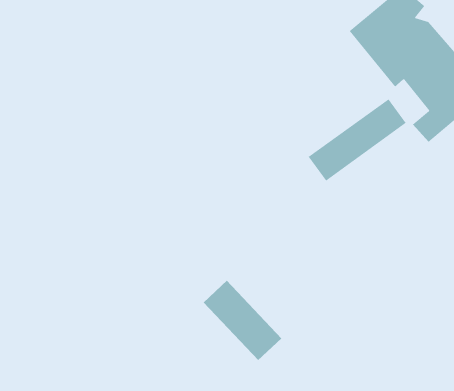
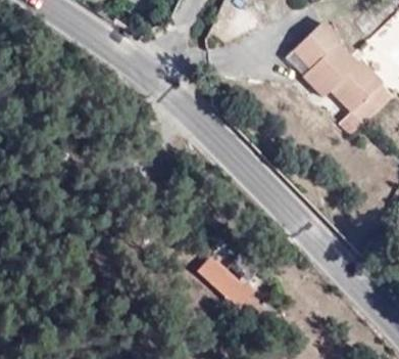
building: [308,98,406,181] -> none

